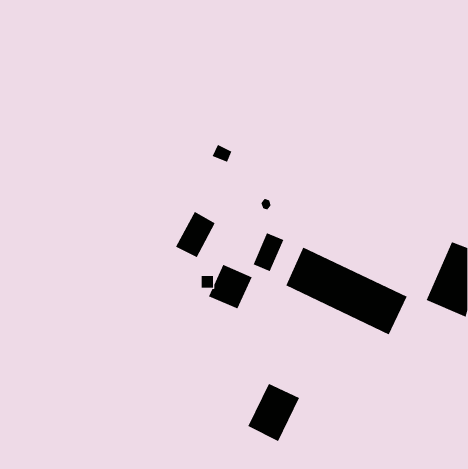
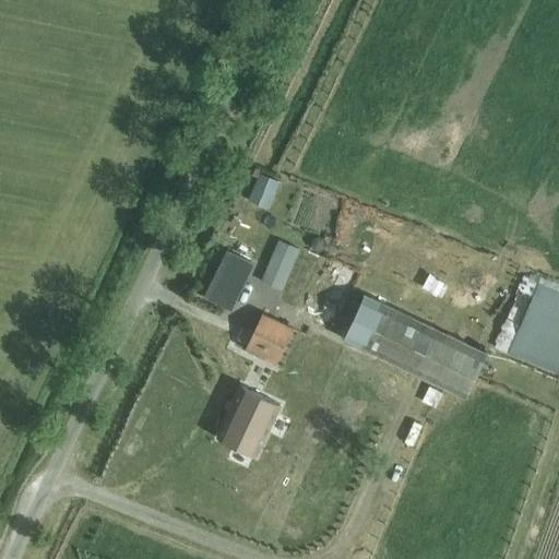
building: [253,232,284,272] -> [260,241,297,288]
building: [247,383,300,442] -> [216,386,278,456]

